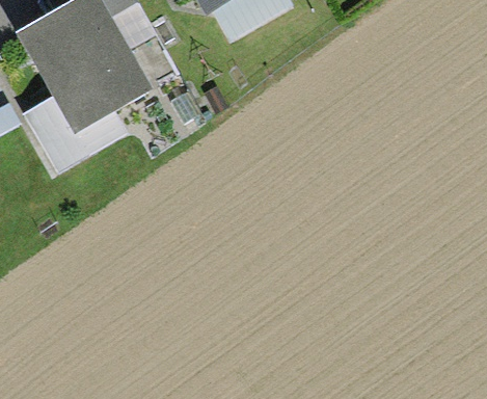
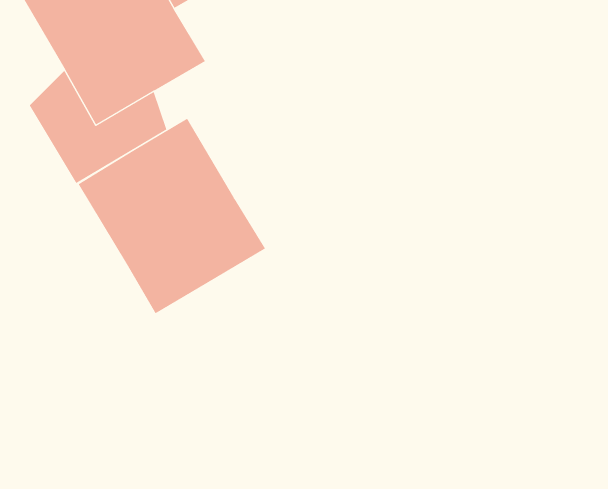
building: none -> [78,118,266,314]

